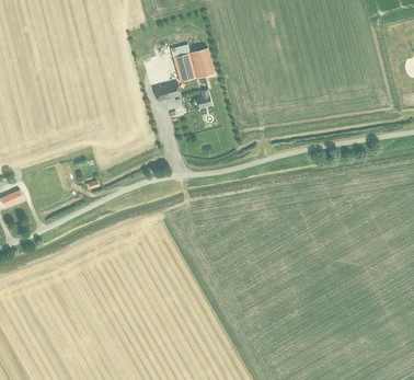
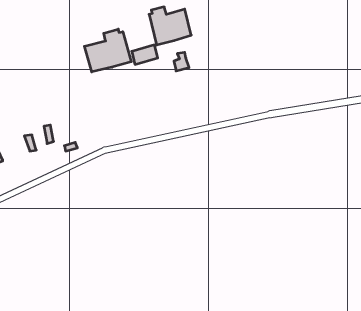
building: none -> [84,29,131,72]

